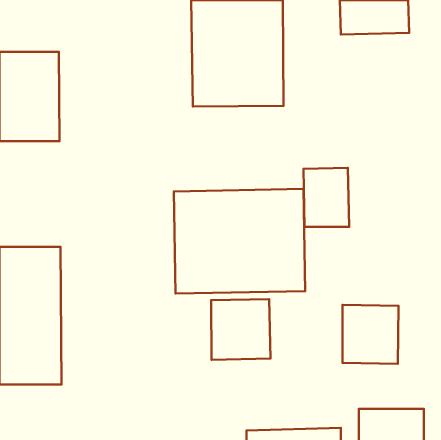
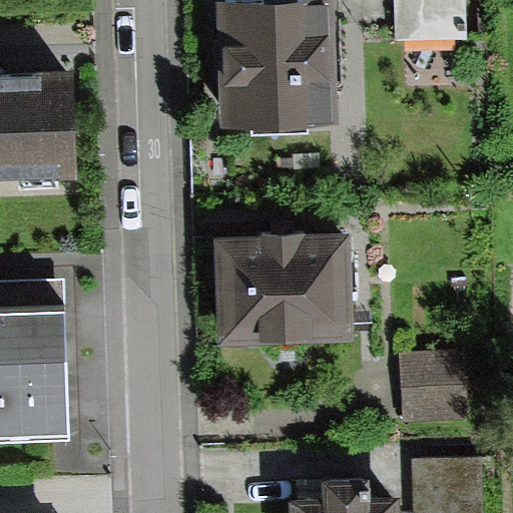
building: [303,168,349,227] -> none
building: [211,299,270,360] -> none

